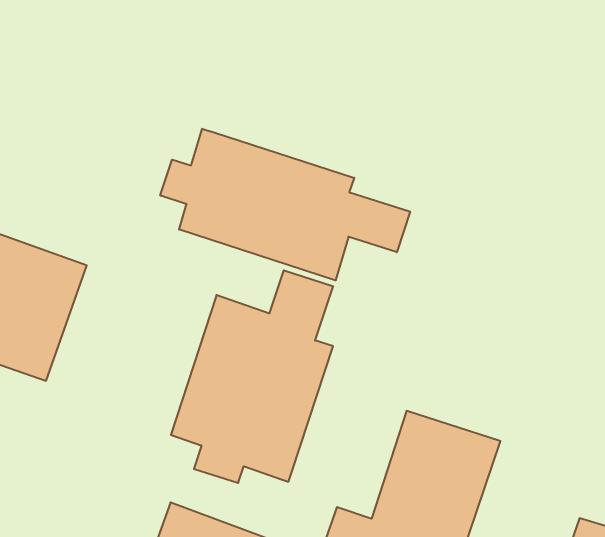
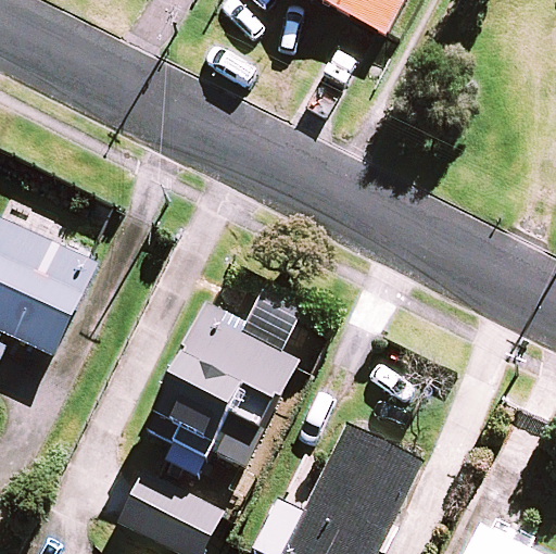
building: [160,129,410,280] -> none

